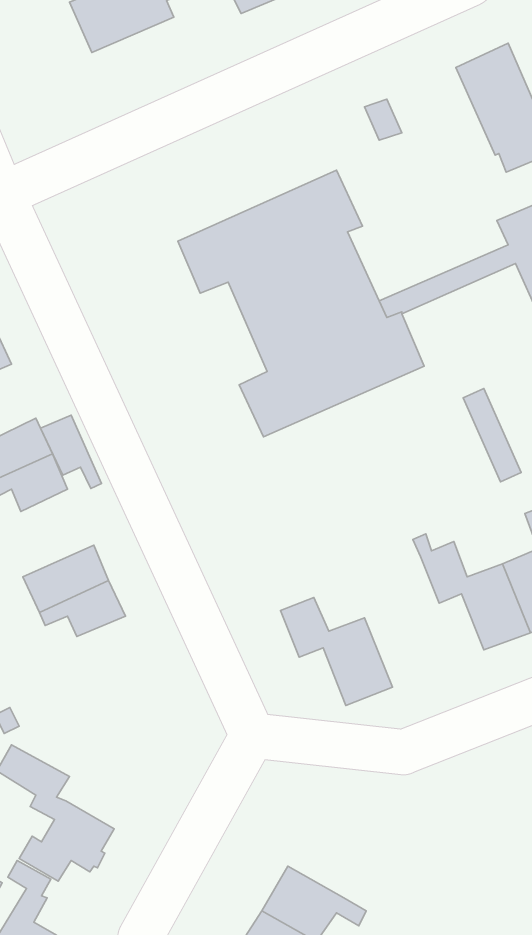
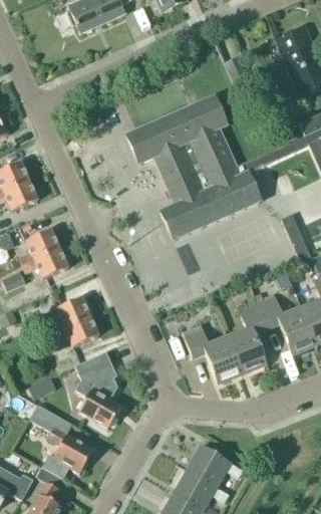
building: [41,415,102,489] -> none
building: none -> [228,302,268,372]
building: none -> [75,351,120,428]
building: none -> [187,444,243,486]

